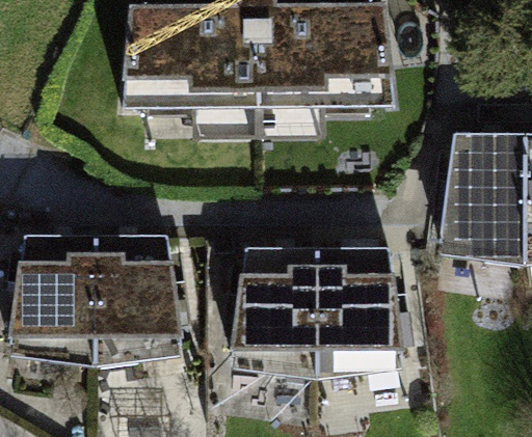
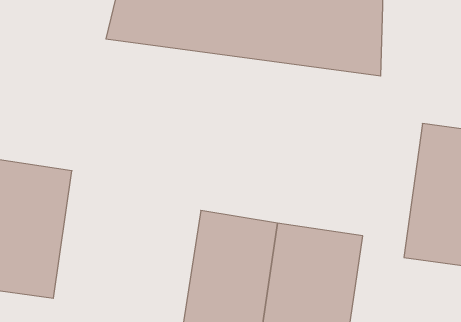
building: [100,242,181,371] -> none

